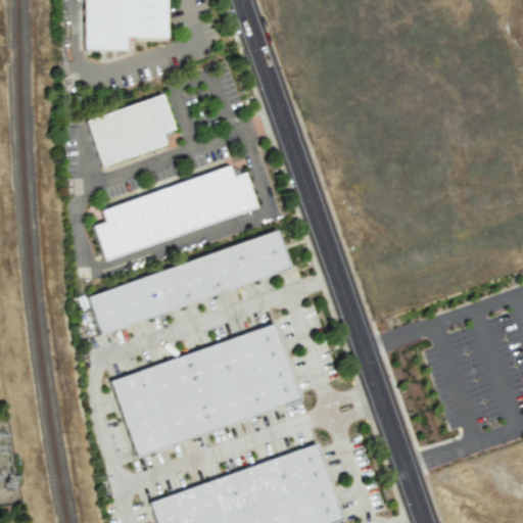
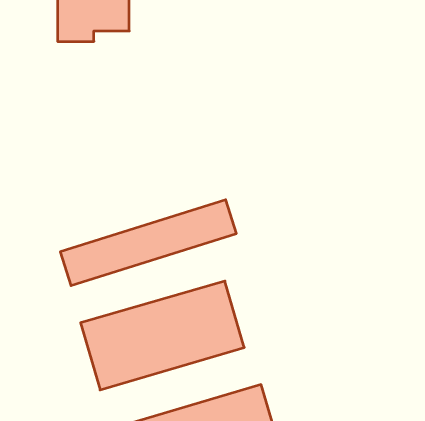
building: [90,97,180,168] -> none
building: [97,168,259,264] -> none

